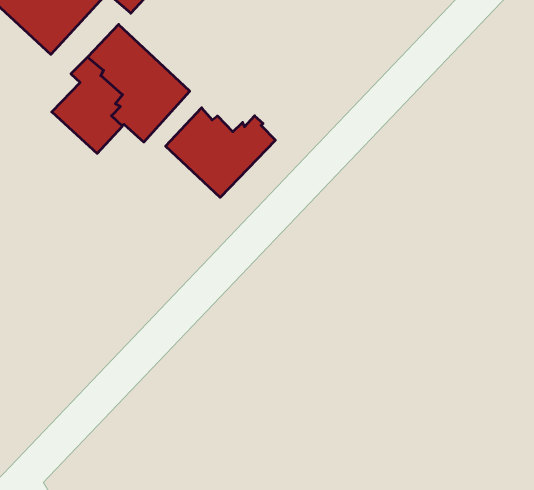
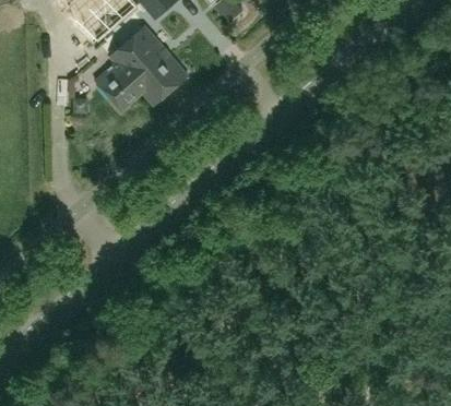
building: [166,108,275,197] -> none

